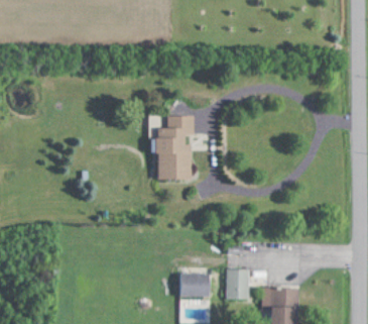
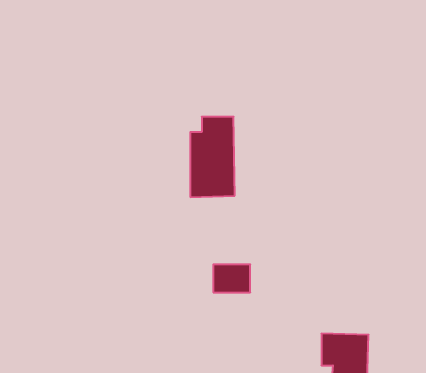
building: [226,268,249,300] -> none
building: [179,273,209,295] -> [213,264,250,292]

